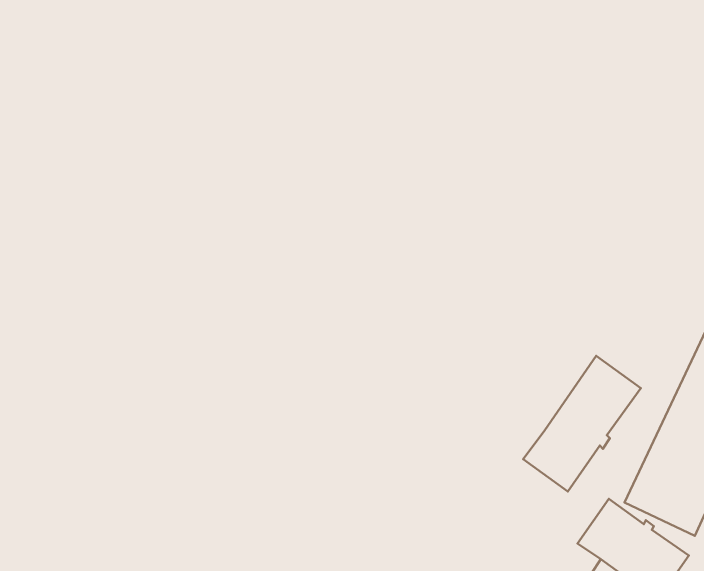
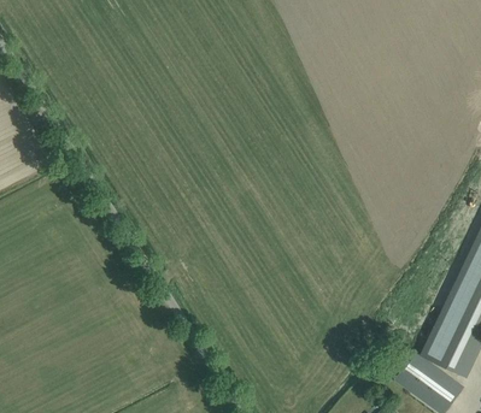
building: [523,356,641,491] -> none

